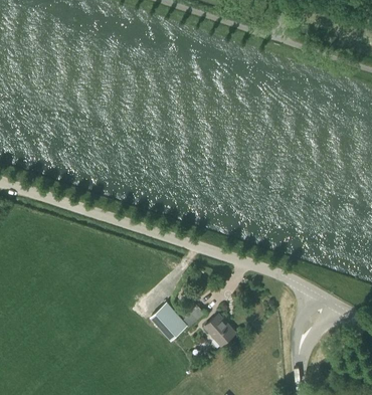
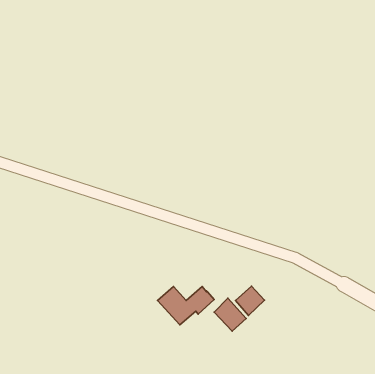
building: none -> [236,286,264,316]

